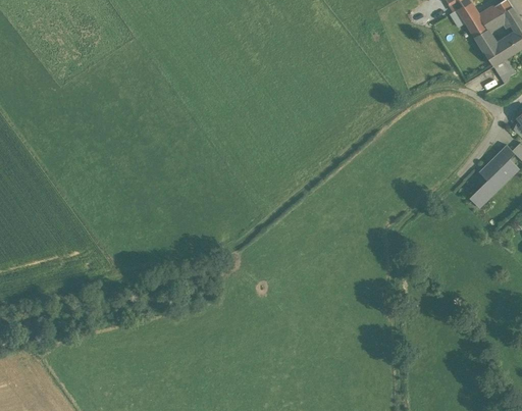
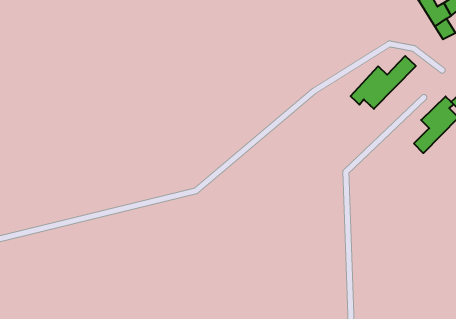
building: none -> [351,56,415,109]

